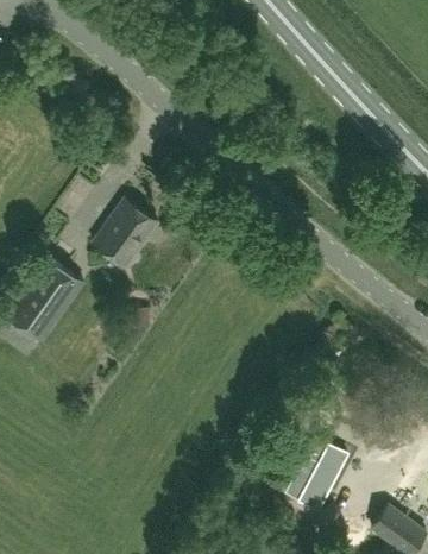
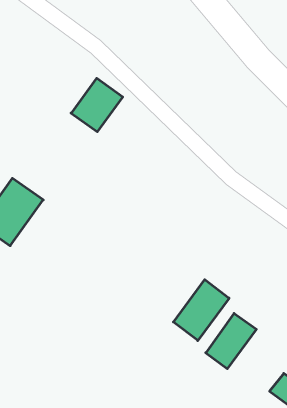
building: [92,201,157,269] -> [71,78,123,132]
building: none -> [173,280,229,341]

